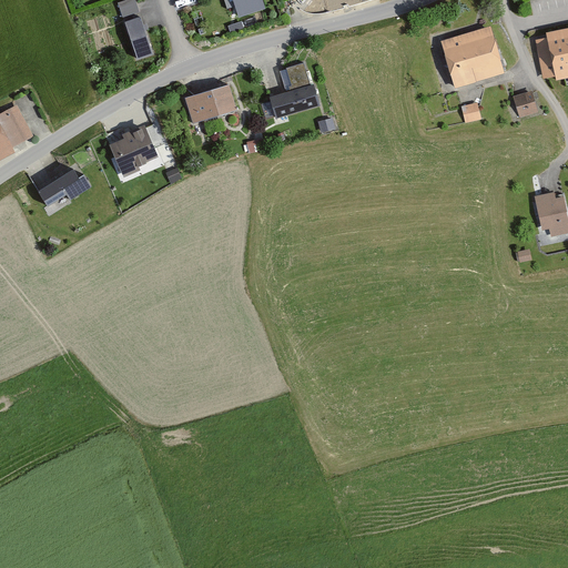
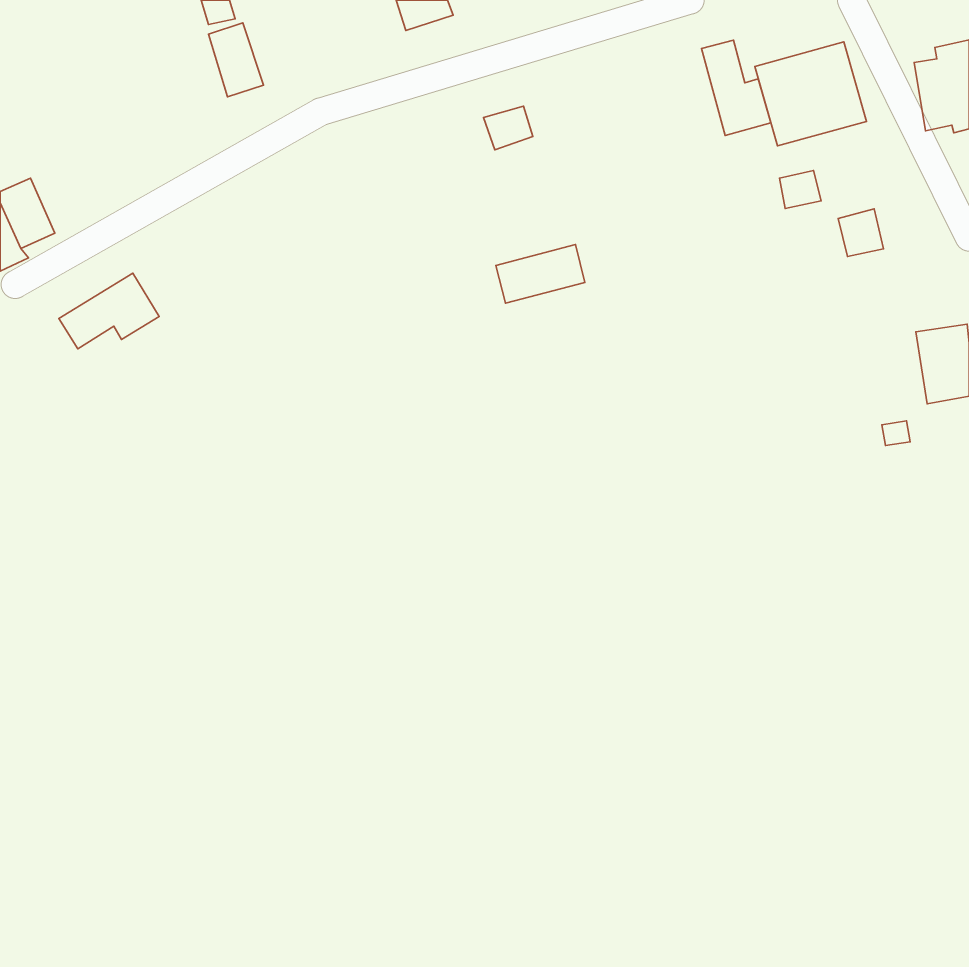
building: none -> [701,40,771,135]
building: [185,83,237,121] -> none
building: [270,83,322,118] -> [496,244,585,303]
building: [513,90,539,118] -> [838,209,884,256]
building: [111,129,160,172] -> none

